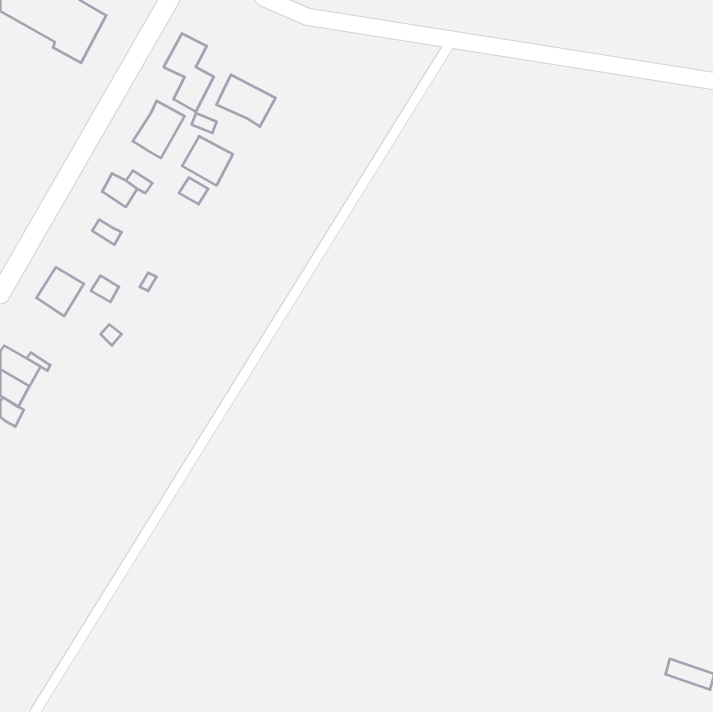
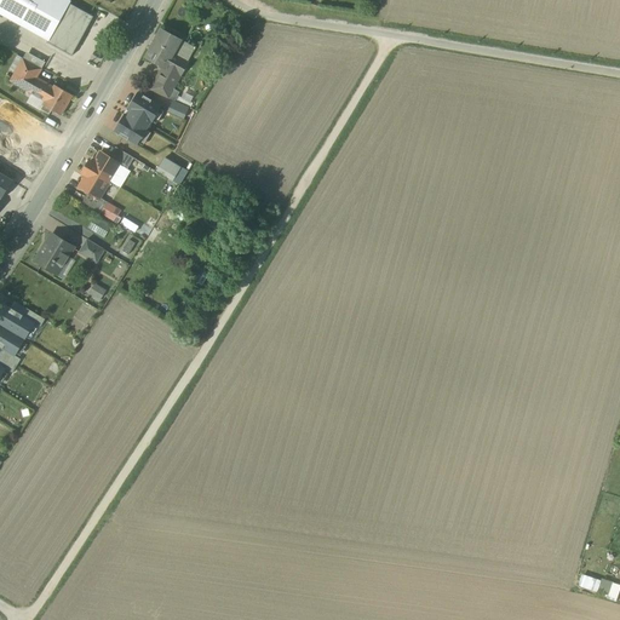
building: none -> [11,58,71,116]
building: [217,75,275,127] -> none
building: [182,136,233,185] -> none
building: none -> [79,166,110,197]

